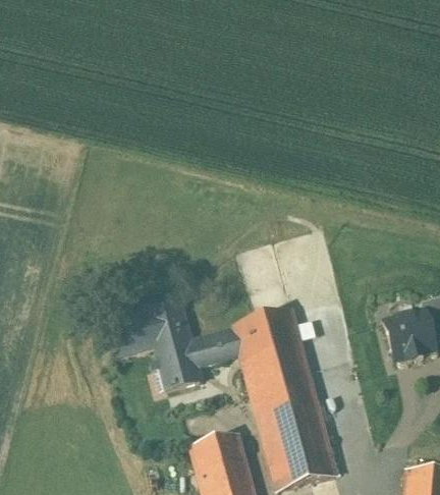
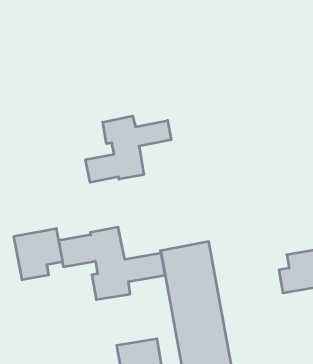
building: none -> [86,116,171,182]
building: none -> [14,228,62,280]

